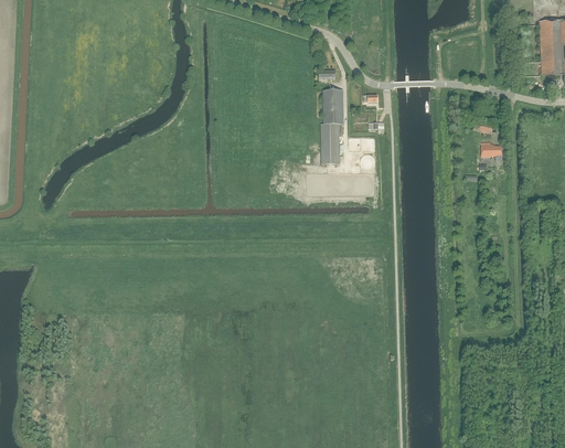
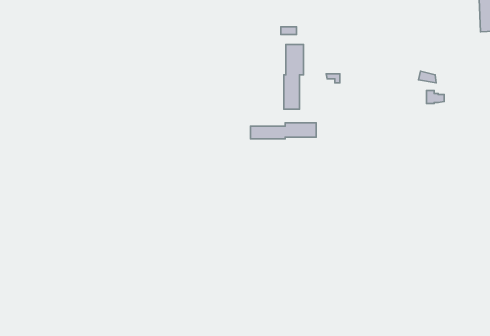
building: none -> [251,123,316,139]

